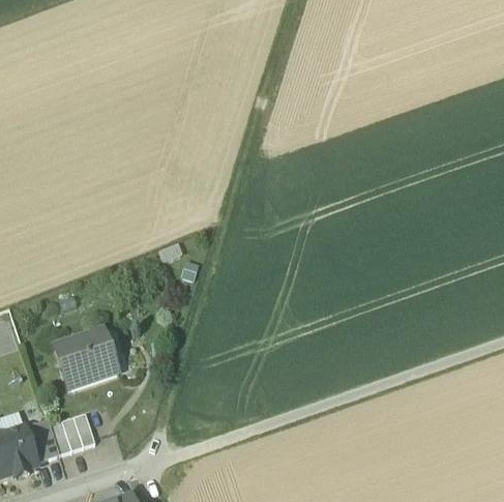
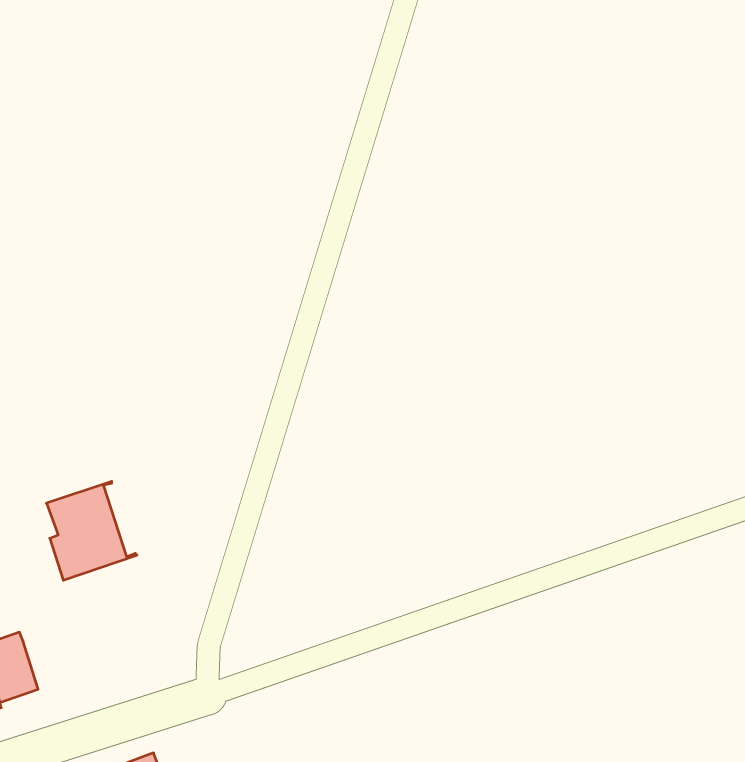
building: [50,413,94,454] -> none

